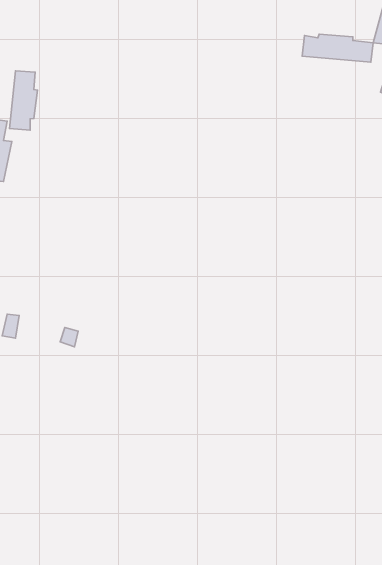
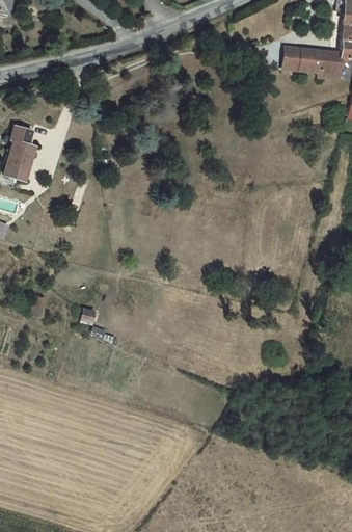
building: [9,71,37,130] -> none

